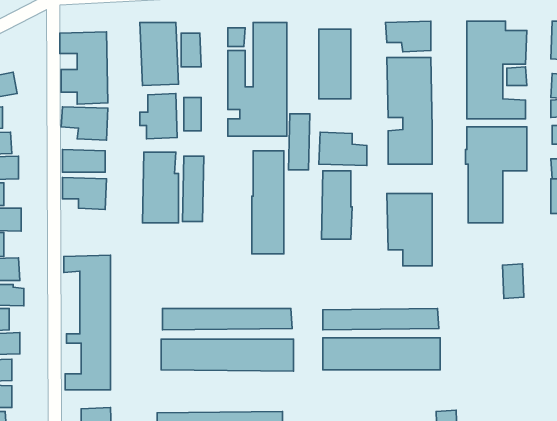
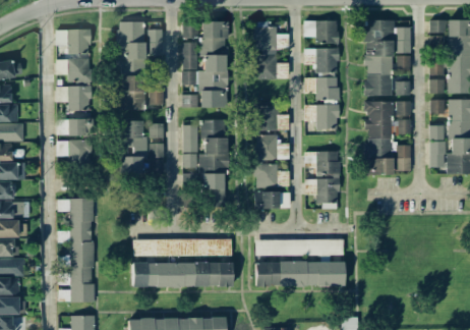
building: [288,114,310,170] -> [182,125,198,168]
building: none -> [254,191,290,209]
building: [502,264,524,299] -> [395,145,411,171]

